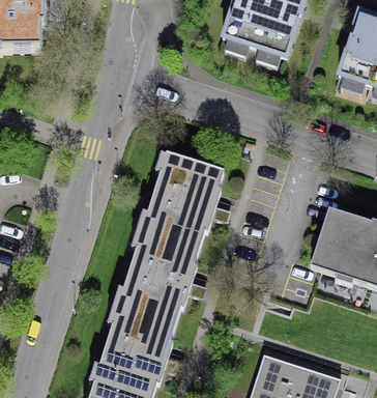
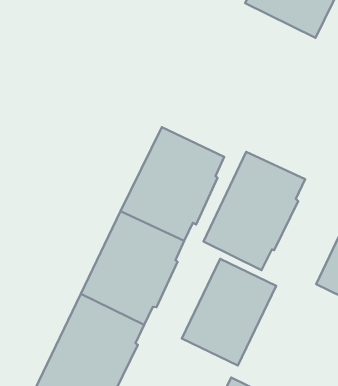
building: none -> [204,152,305,270]
building: none -> [182,259,276,365]

